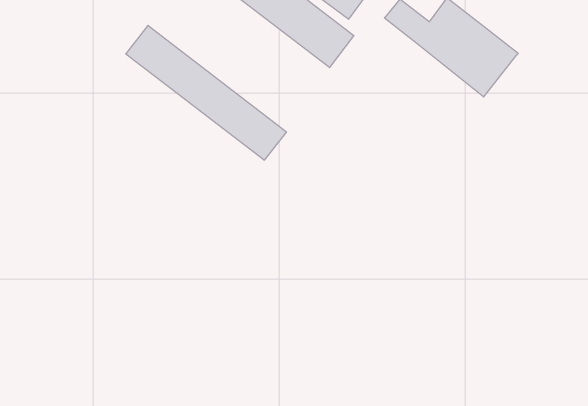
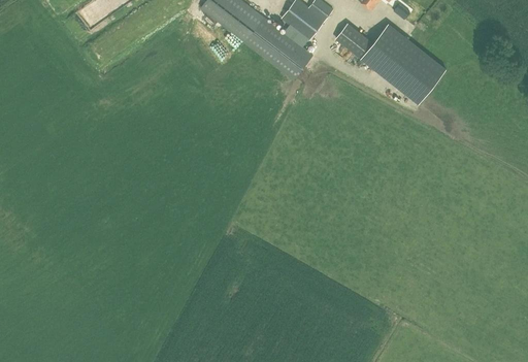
building: [126,25,286,160] -> none

